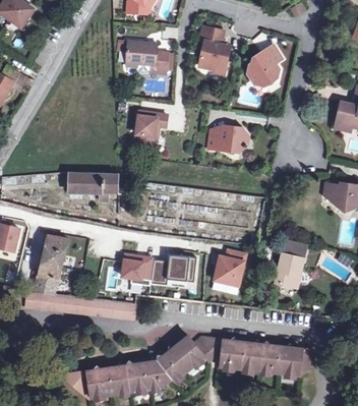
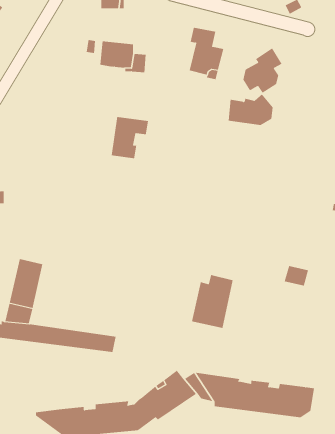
building: [210,123,250,152] -> [228,93,273,126]
building: [69,171,121,201] -> none
building: [276,252,303,288] -> none
building: [113,254,189,284] -> none

